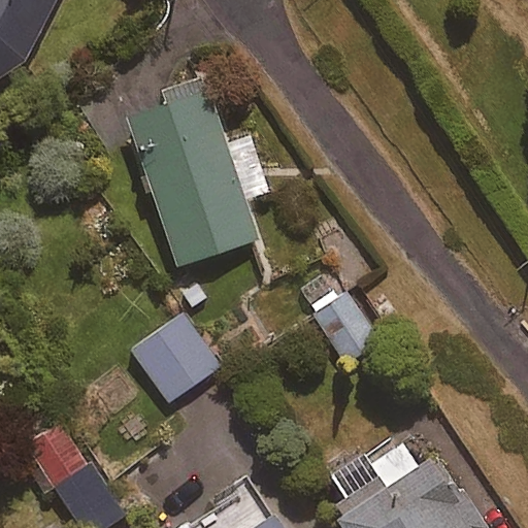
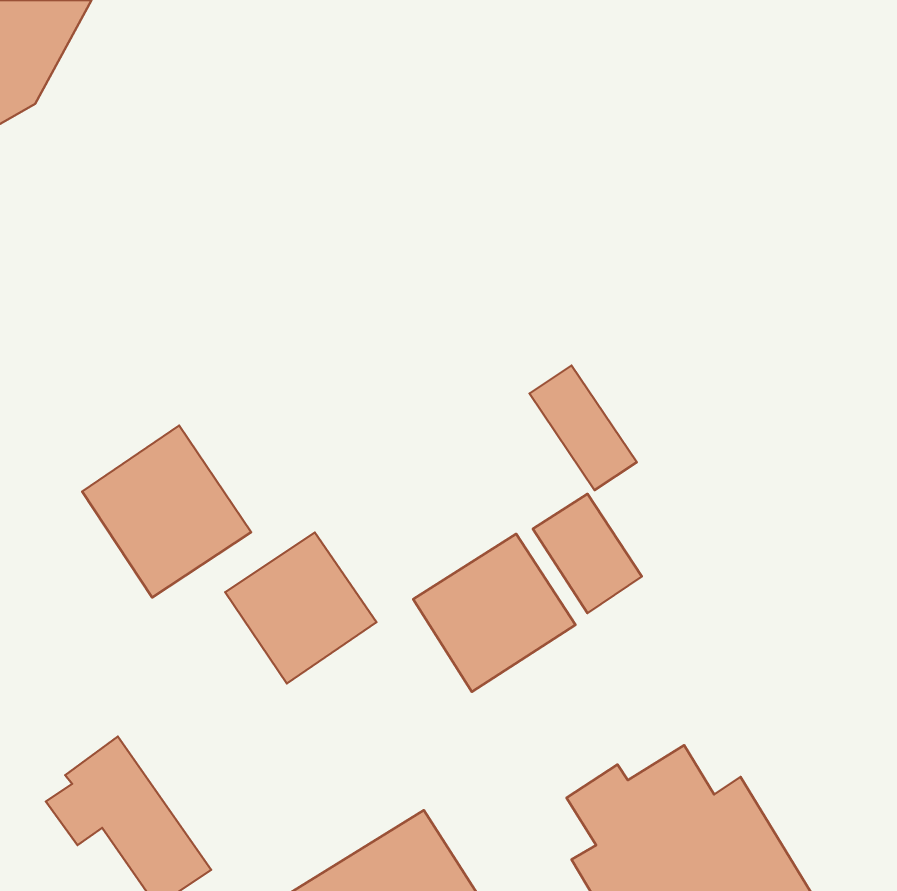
building: [129,88,255,264] -> none
building: none -> [82,425,251,597]
building: none -> [413,534,576,692]

